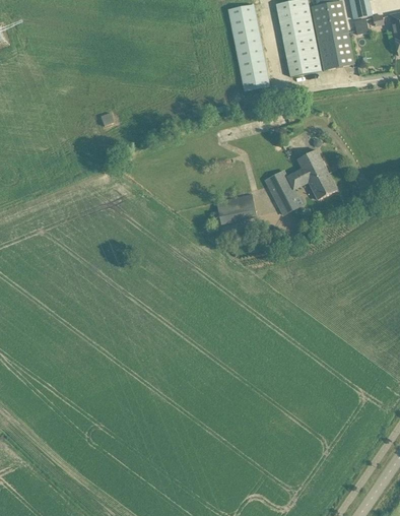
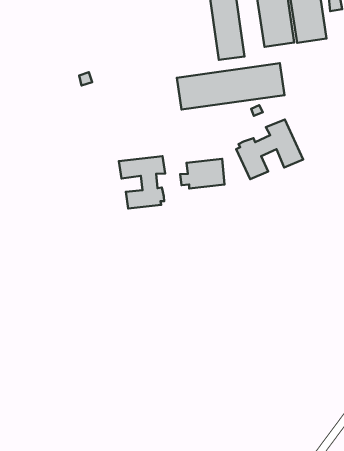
building: none -> [177,63,284,110]
building: none -> [119,156,165,208]

